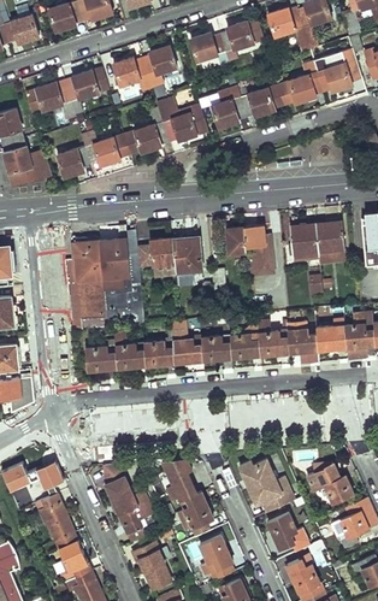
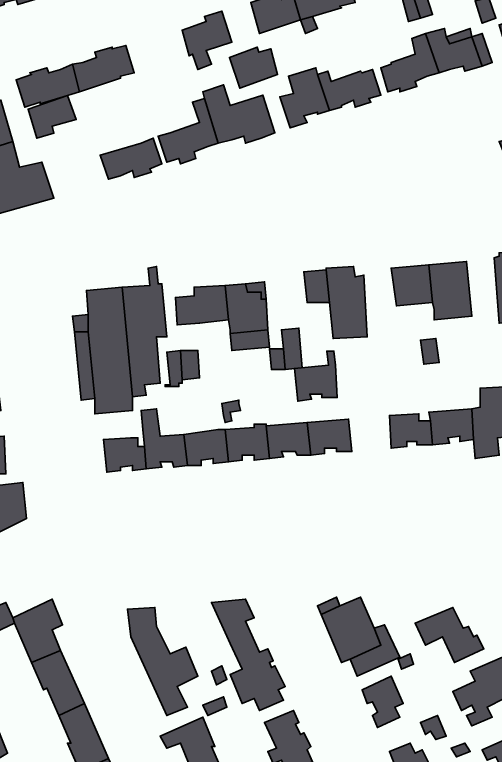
building: [113,58,147,87] -> [230,47,278,88]
building: [57,147,90,177] -> [28,95,76,138]
building: [259,320,289,355] -> [294,351,337,401]

